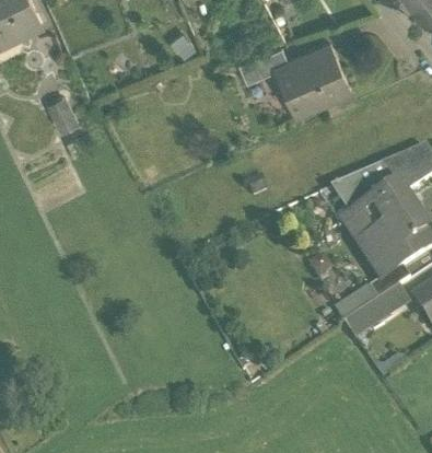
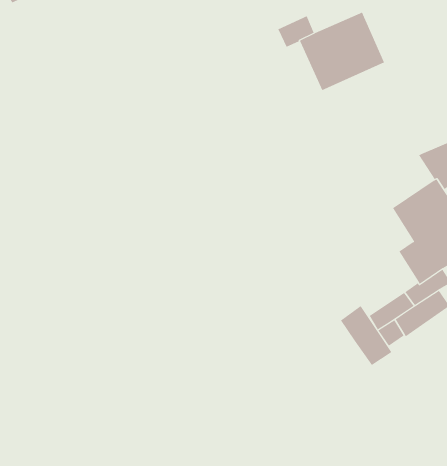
building: [44,92,78,130] -> none
building: [326,166,390,218] -> none
building: none -> [340,305,392,366]

